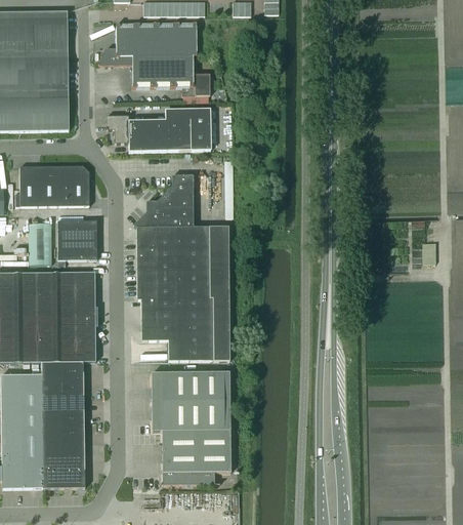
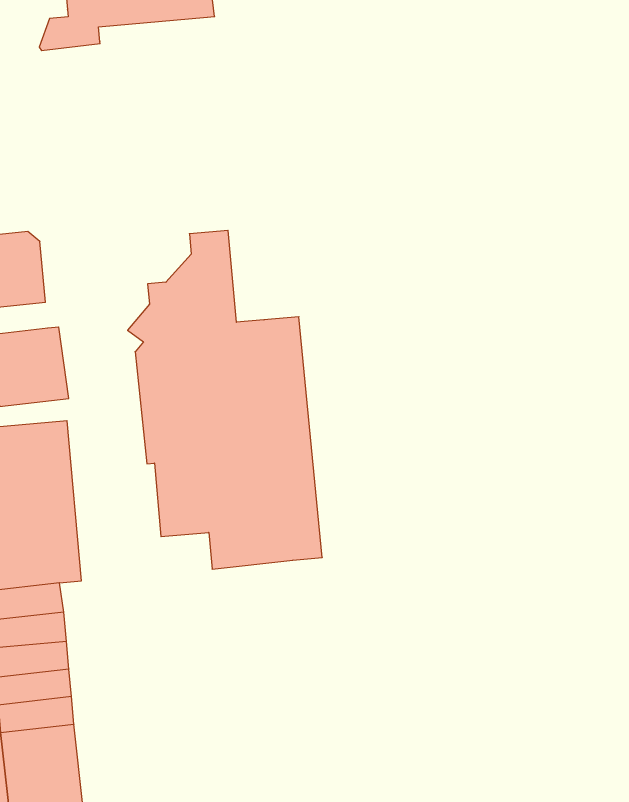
building: [131,55,209,102] -> none
building: [104,108,210,151] -> none
building: [151,371,229,484] -> none

